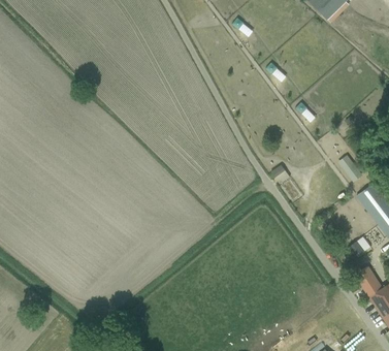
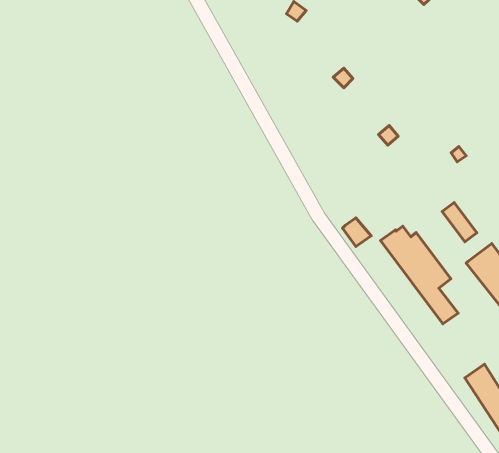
building: none -> [380,226,458,324]

